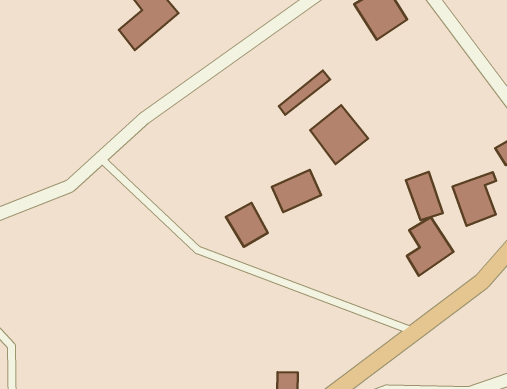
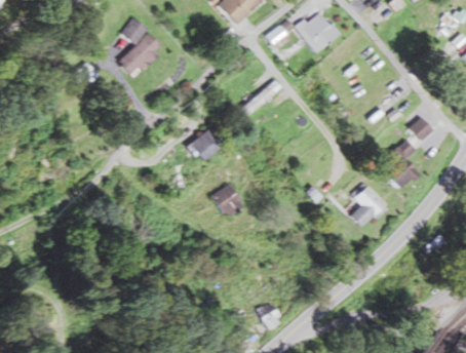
building: [310,105,368,164] -> none
building: [272,170,321,212] -> [189,126,227,160]
building: [406,172,443,220] -> none

